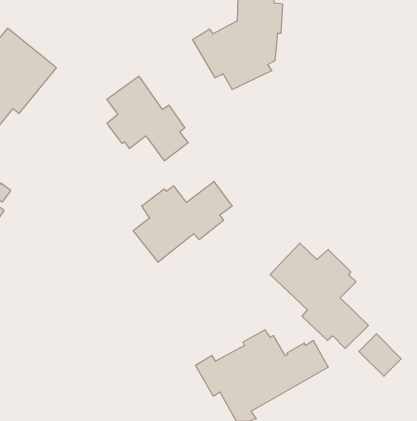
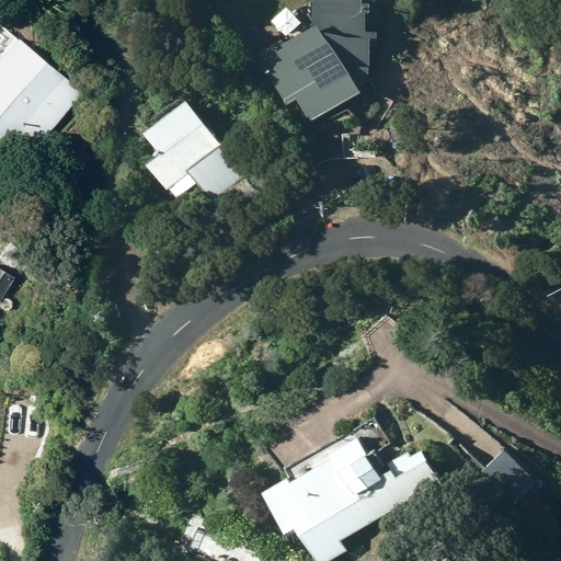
building: [133,181,232,262] -> none
building: [270,243,368,348] -> none

